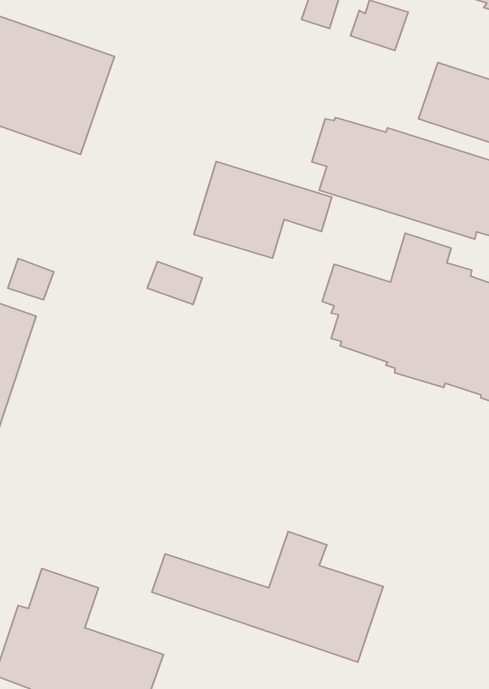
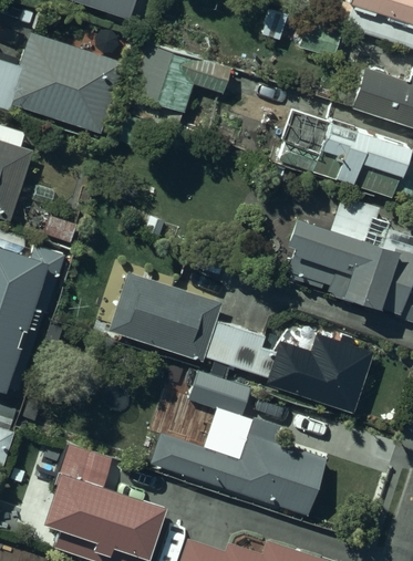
building: [194,162,332,258] -> [126,41,229,113]
building: none -> [109,272,371,413]
building: none -> [168,366,252,416]

